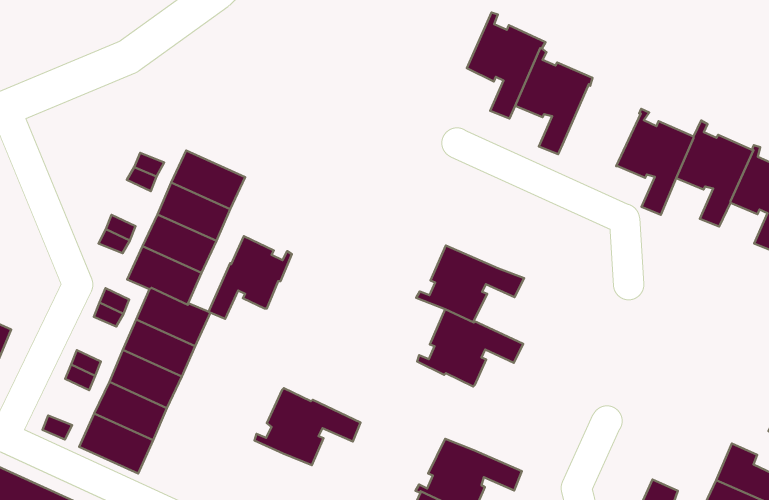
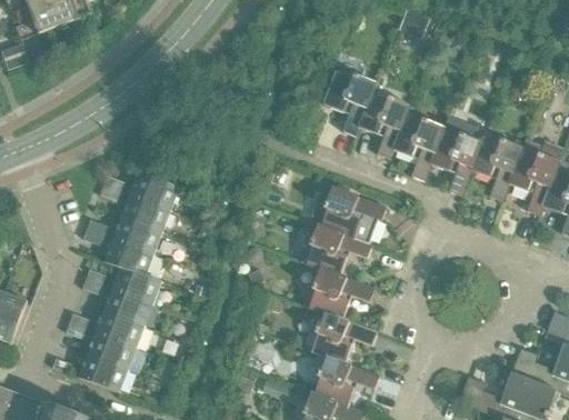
building: none -> [393,109,445,181]
building: none -> [315,186,386,238]
building: [208,236,292,319] -> none
building: [254,388,360,465] -> [306,311,377,362]

